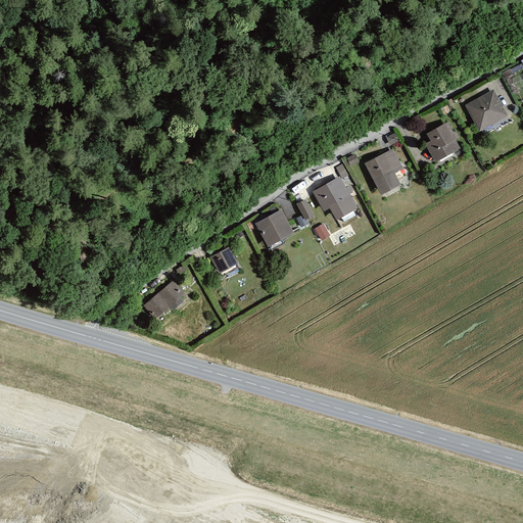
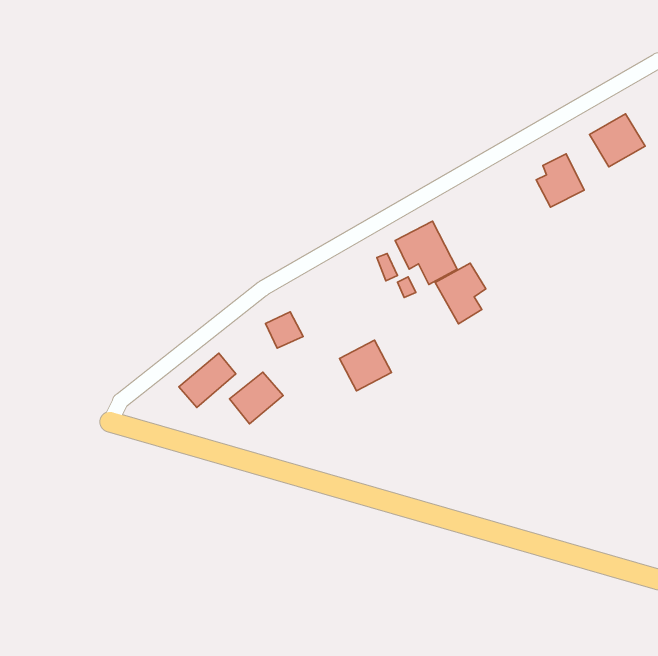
building: [365,148,405,196] -> [435,263,486,324]
building: [254,209,295,249] -> [340,340,391,391]
building: none -> [229,372,283,424]

